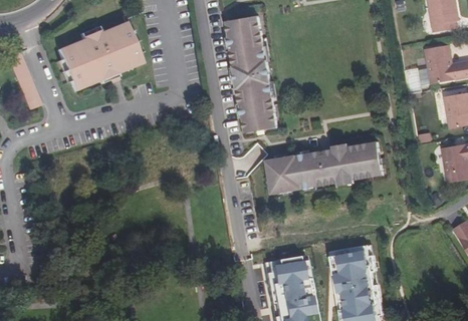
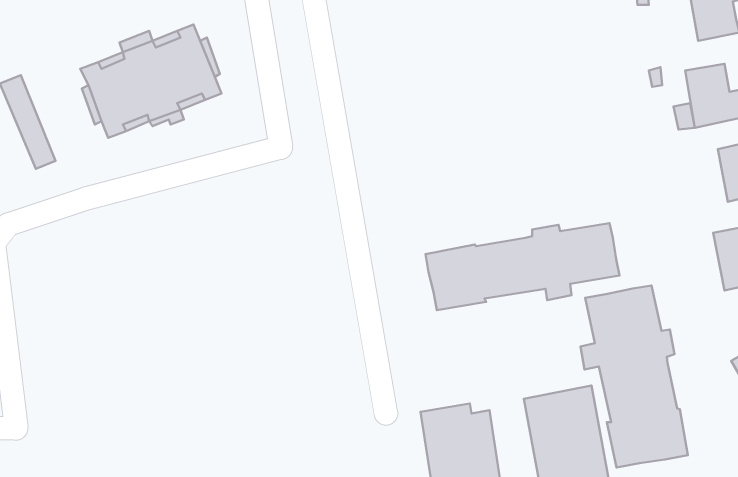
building: [227,17,278,134] -> none
building: none -> [581,285,688,468]

